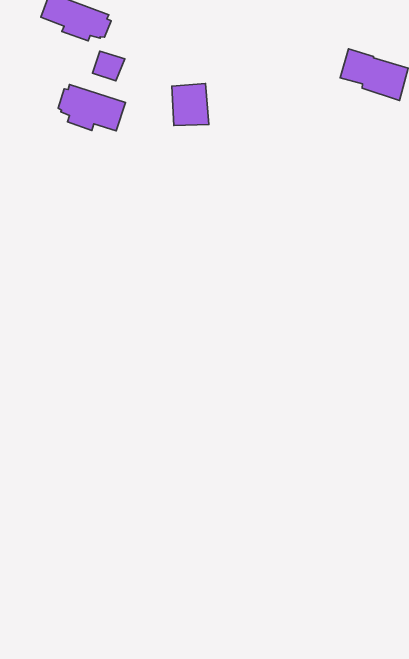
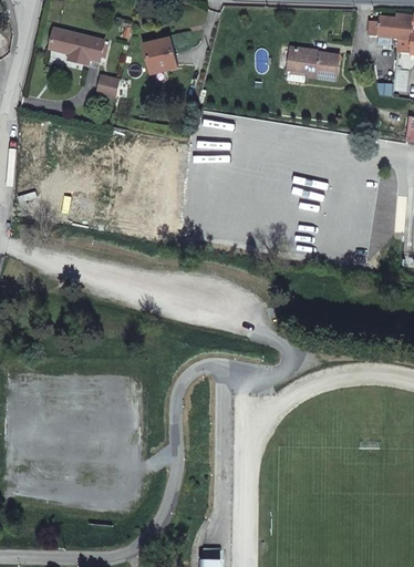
building: [172,84,209,125] -> [144,38,176,73]
building: [58,85,125,131] -> none

